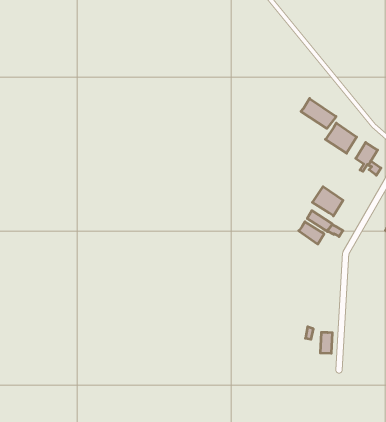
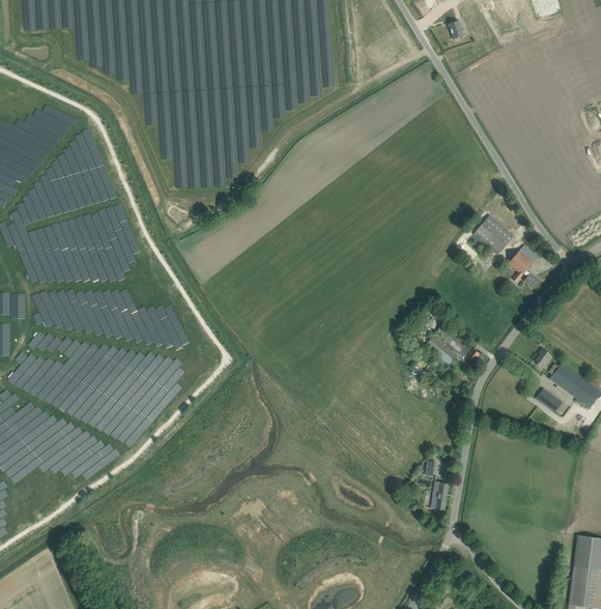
building: [301,98,336,128] -> none
building: [312,187,343,216] -> none

